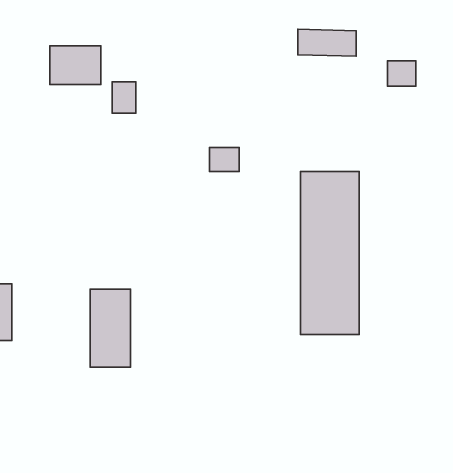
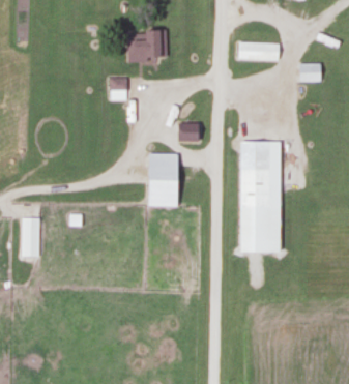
building: [50,46,101,85] -> [132,31,167,58]
building: [90,289,130,367] -> [149,153,177,207]

